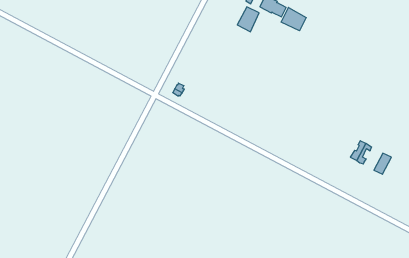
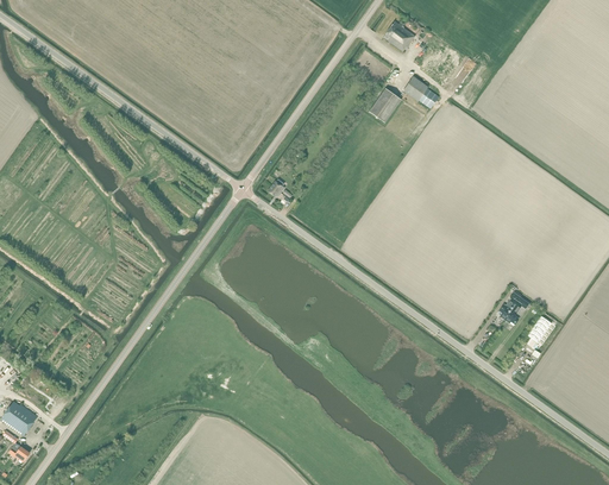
building: [281,7,306,31] -> none

